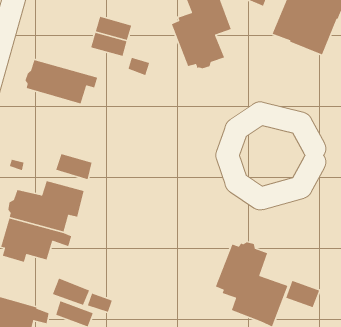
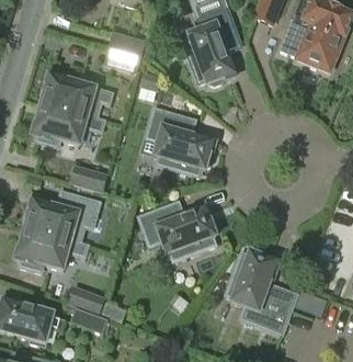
building: none -> [34,101,103,145]
building: none -> [146,106,213,174]
building: none -> [138,200,216,258]

